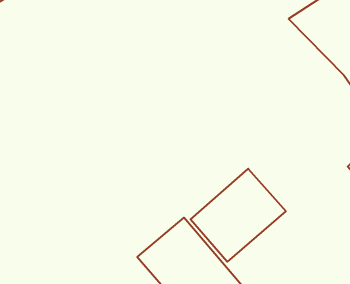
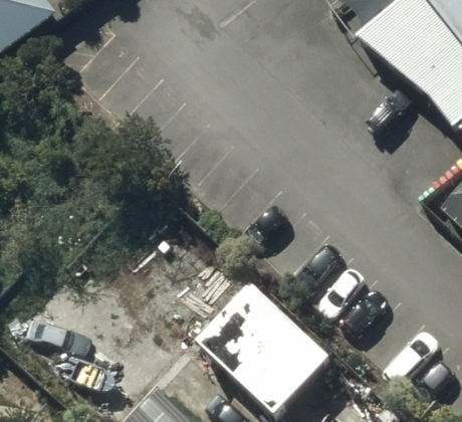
building: [191,169,286,262] -> none

